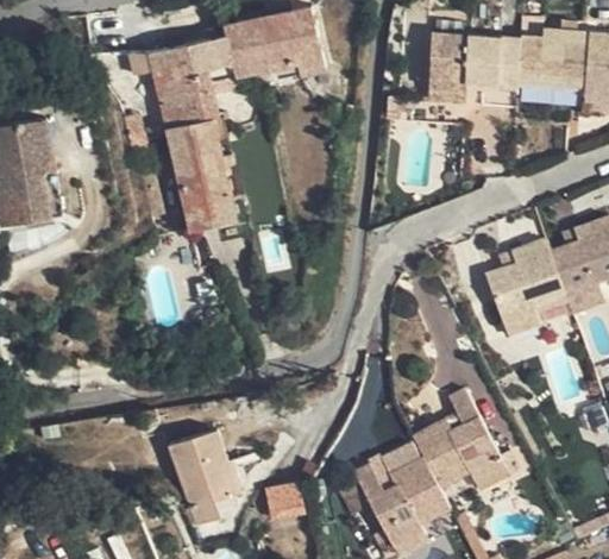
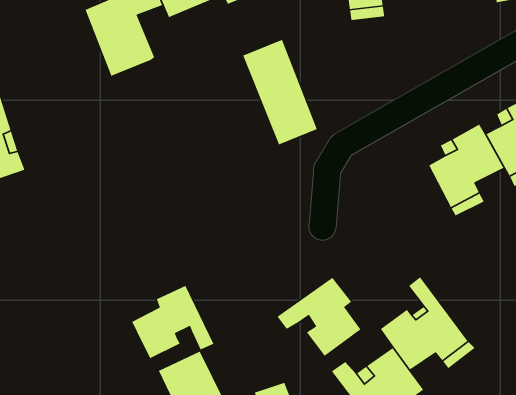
building: [168,119,236,231] -> [242,39,318,146]
building: none -> [131,285,214,359]
building: none -> [276,277,362,357]

